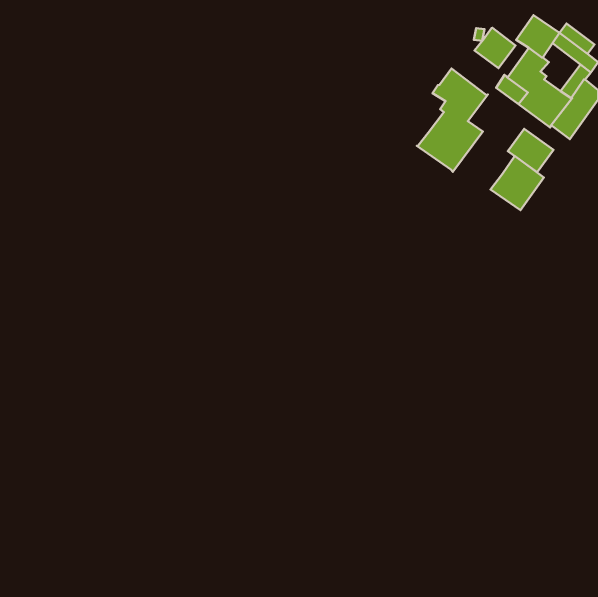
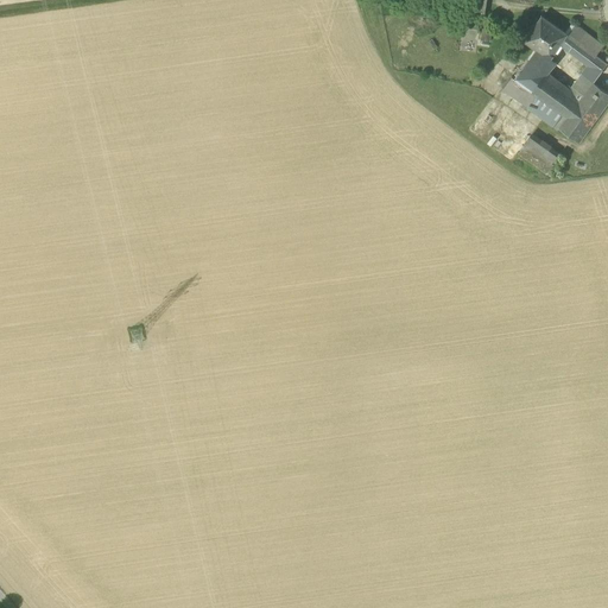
building: [474,28,516,68] -> none
building: [417,68,488,172] -> none
building: [491,156,544,210] -> none

